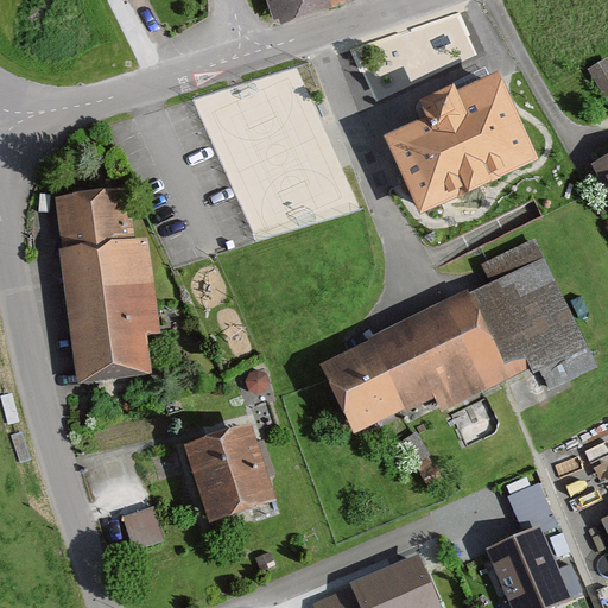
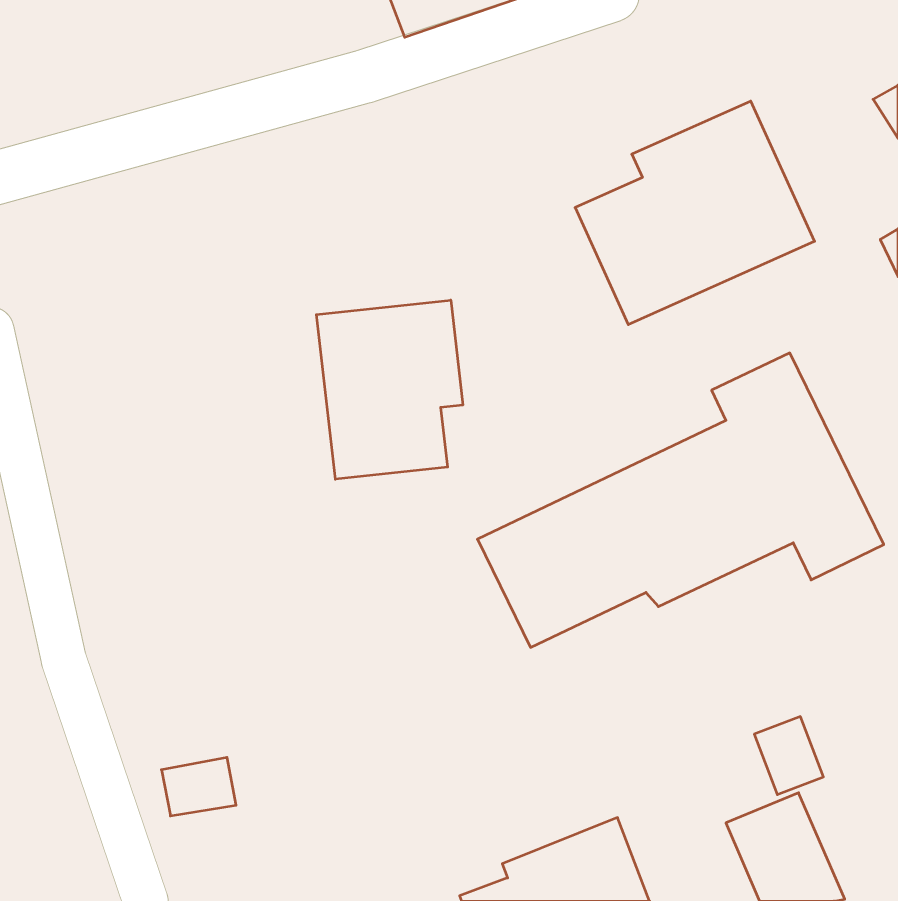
building: [55,188,158,379] -> none
building: none -> [316,300,463,479]
building: [183,423,278,522] -> none

